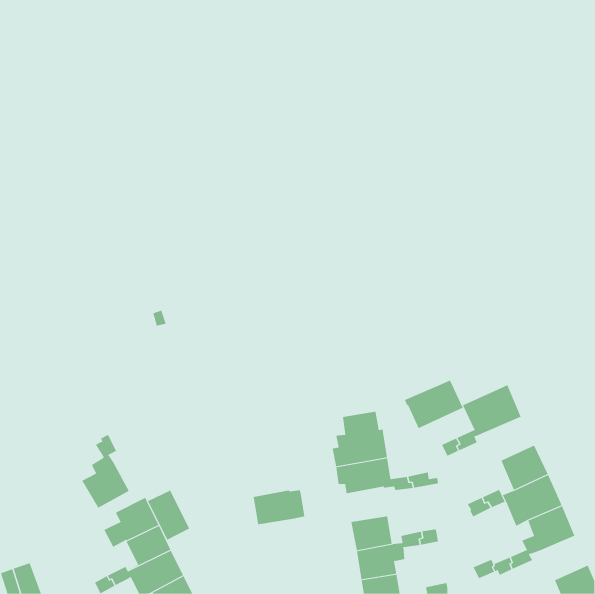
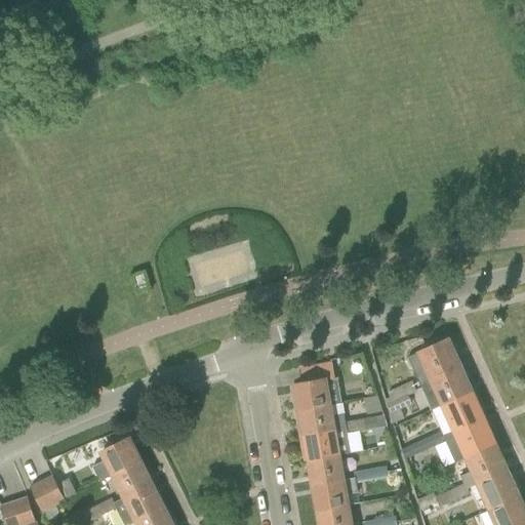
building: [404,380,463,429] -> [418,367,471,410]
building: [81,434,130,509] -> none
building: [147,478,190,541] -> none
building: [253,490,305,525] -> [305,429,351,459]
building: none -> [476,472,518,511]
building: none -> [30,476,66,512]

